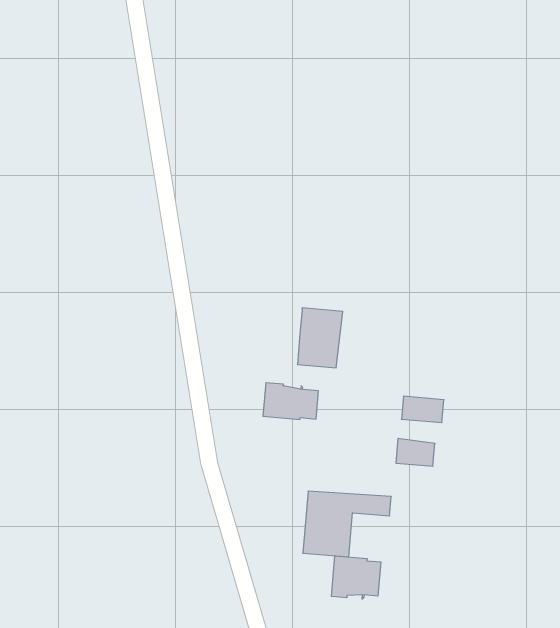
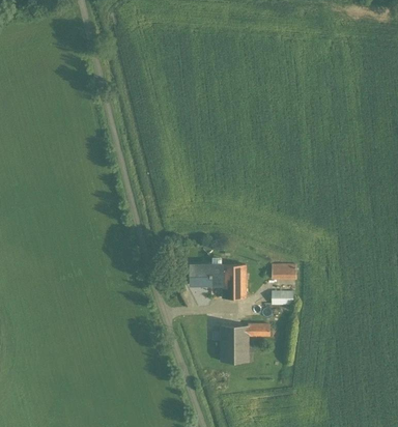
building: [297,308,343,368] -> [223,265,247,298]
building: [331,556,381,599] -> none

